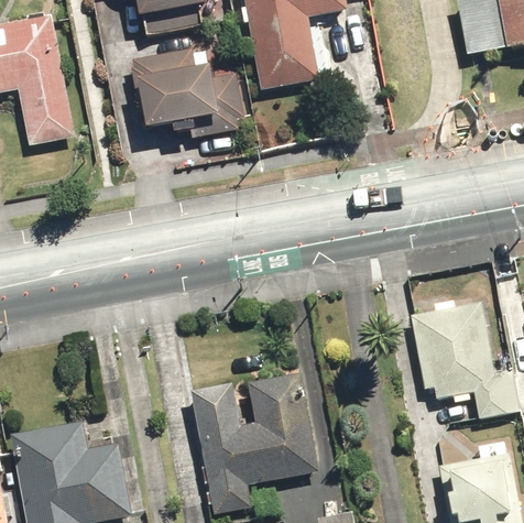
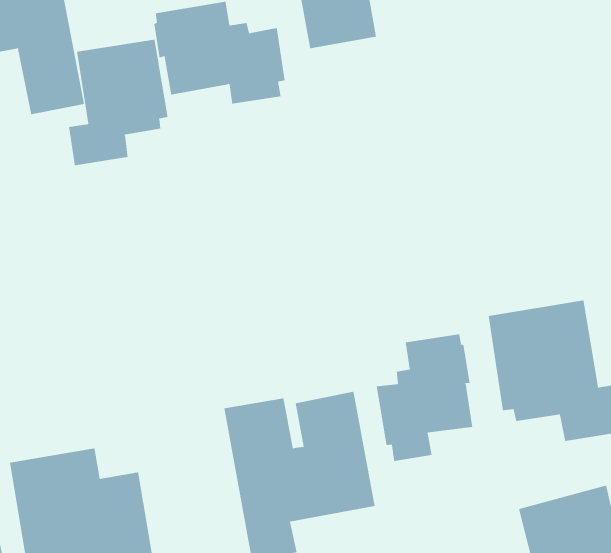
building: none -> [68,39,168,166]
building: none -> [376,333,473,462]

